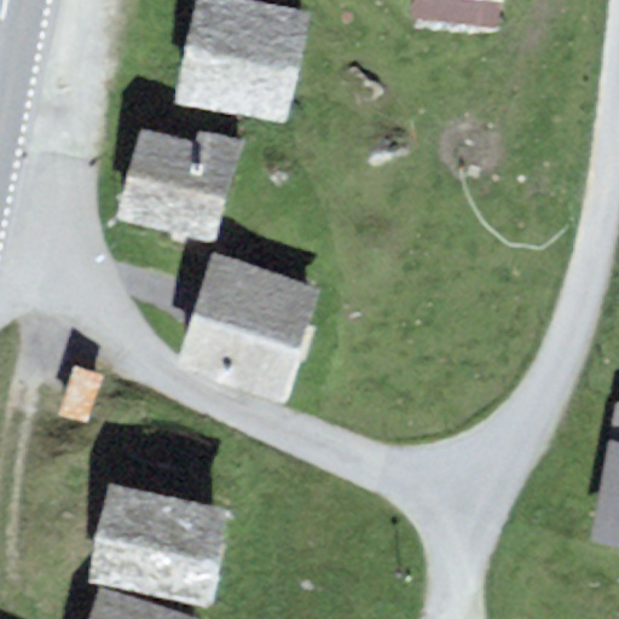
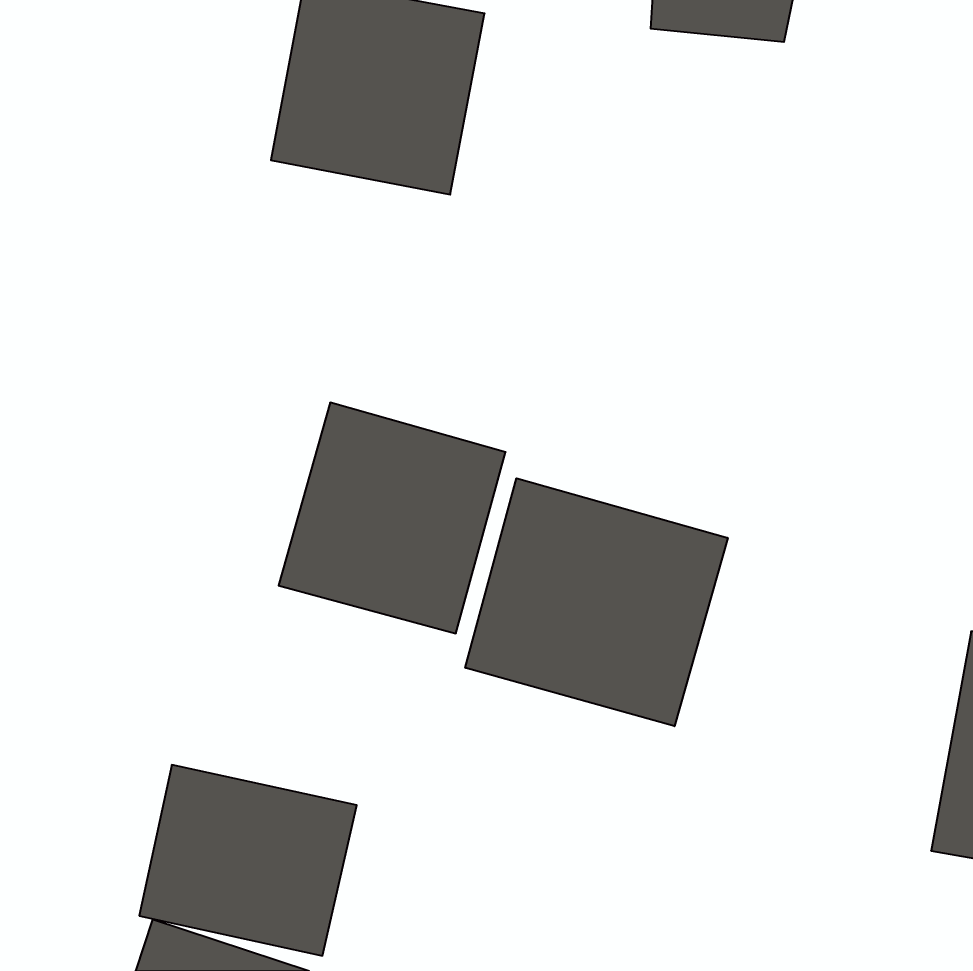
building: [117,128,242,243] -> none
building: none -> [465,478,728,726]

